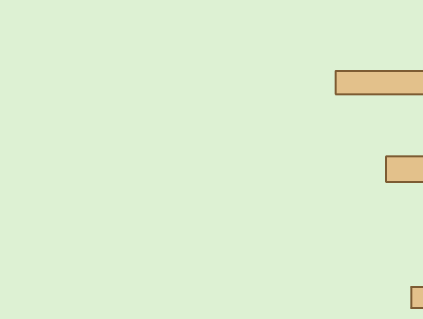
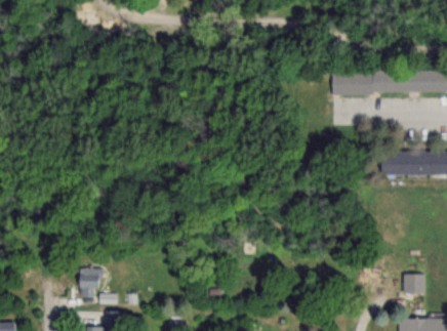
building: none -> [79,270,96,297]

